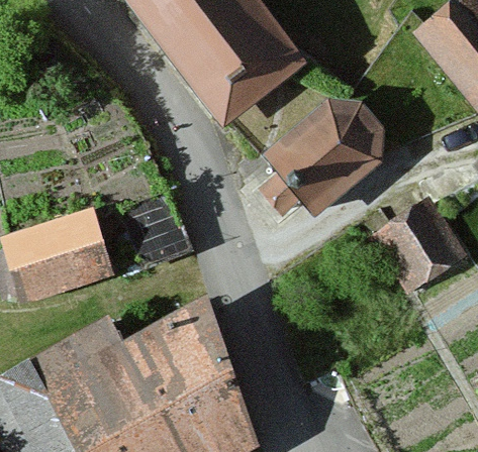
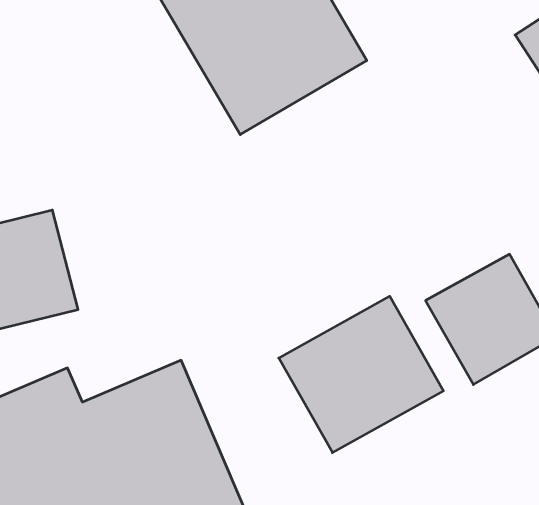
building: [262,100,385,216] -> none
building: none -> [279,296,443,453]

